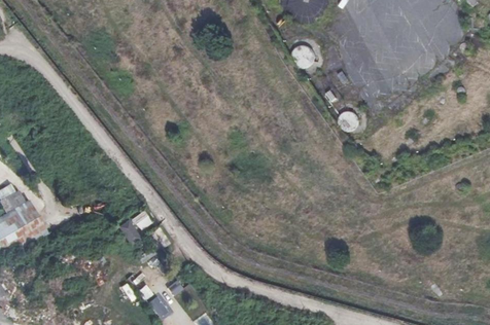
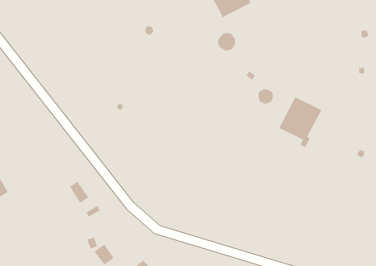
building: none -> [279,97,322,148]

